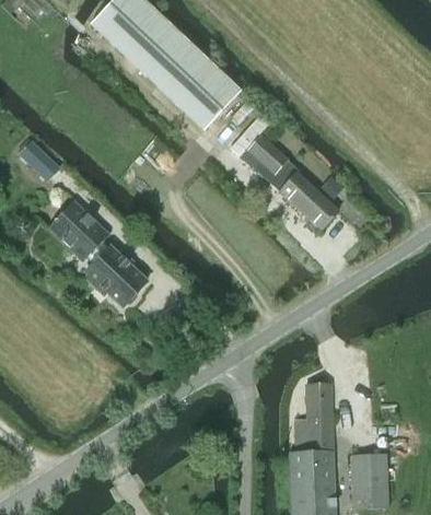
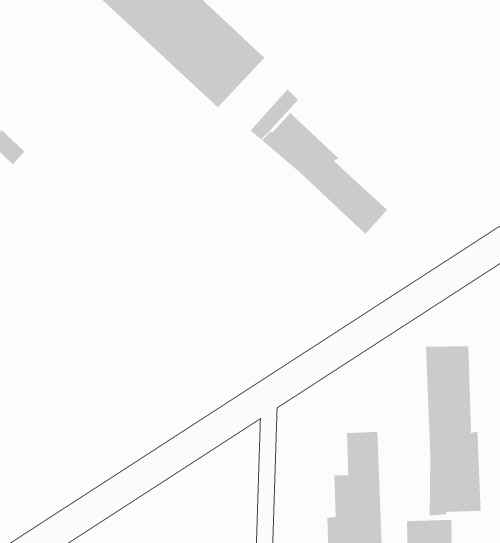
building: [51,202,145,307] -> none
building: none -> [426,346,481,516]

